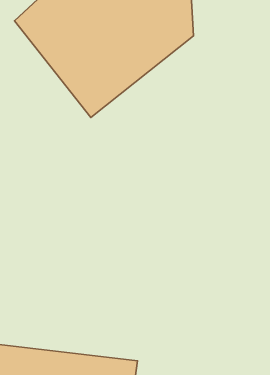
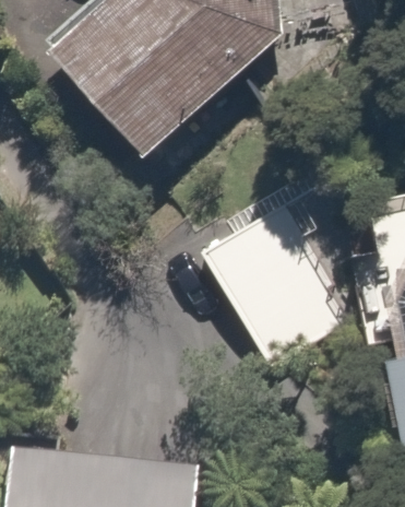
building: none -> [203,199,353,365]

